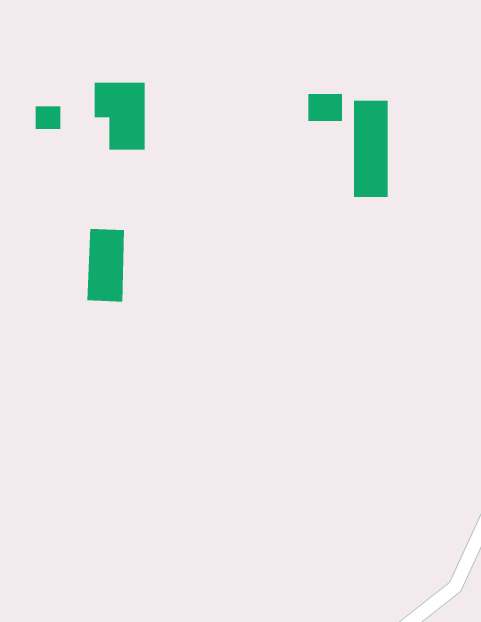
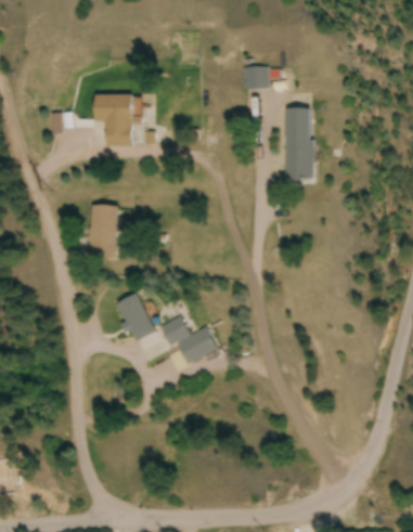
building: [307,94,343,122] -> [244,68,270,89]
building: none -> [117,293,155,341]
building: none -> [160,316,218,364]

